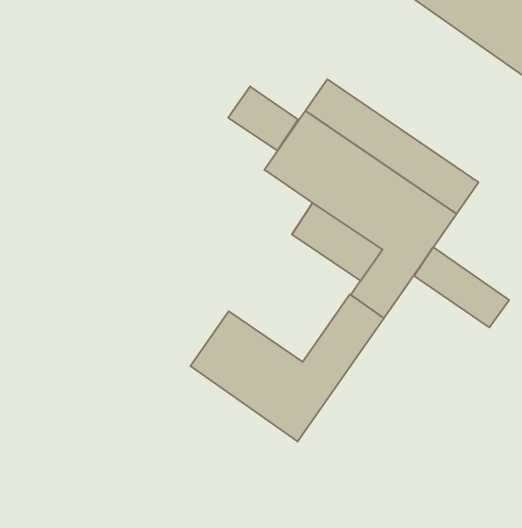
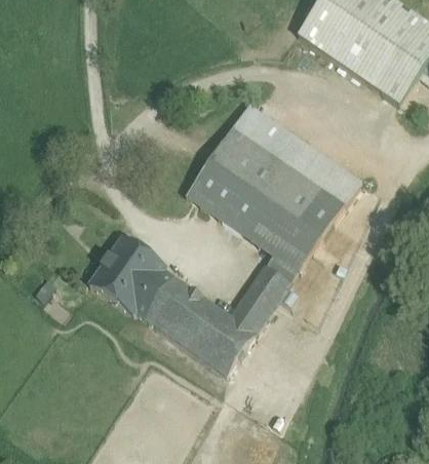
building: [228,86,298,151] -> [185,170,237,219]
building: [414,247,509,327] -> none
building: none -> [88,234,174,317]

